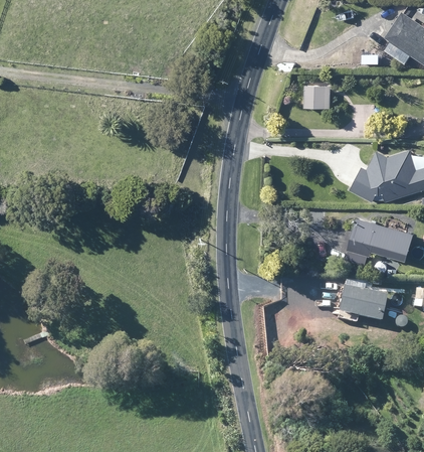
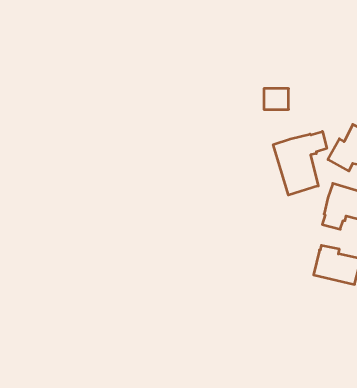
building: [303,85,330,107] -> [264,89,289,109]
building: none -> [273,131,327,195]

